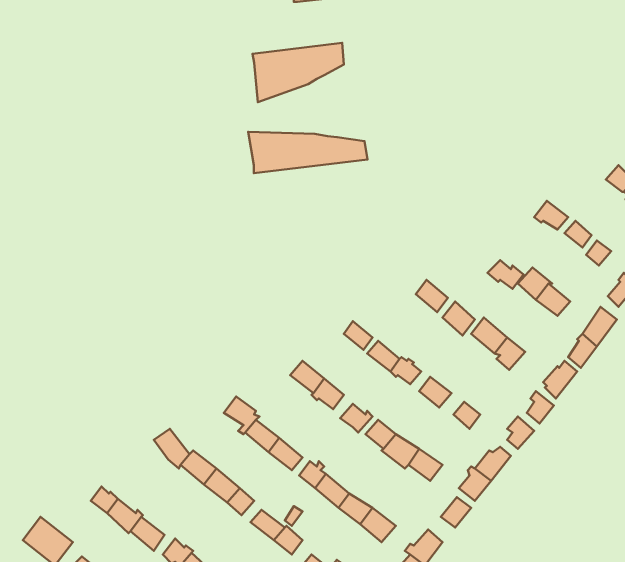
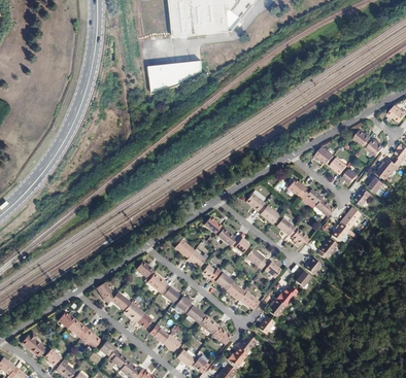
building: [248,132,368,173] -> none

